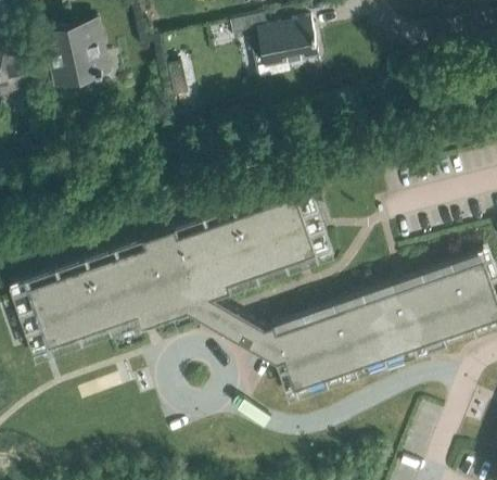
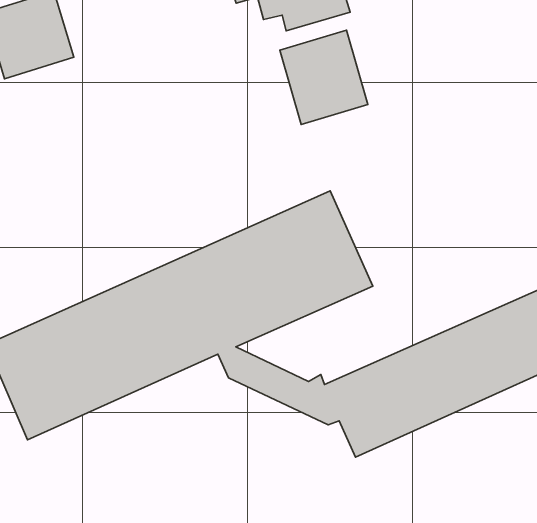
building: none -> [280,30,368,125]

